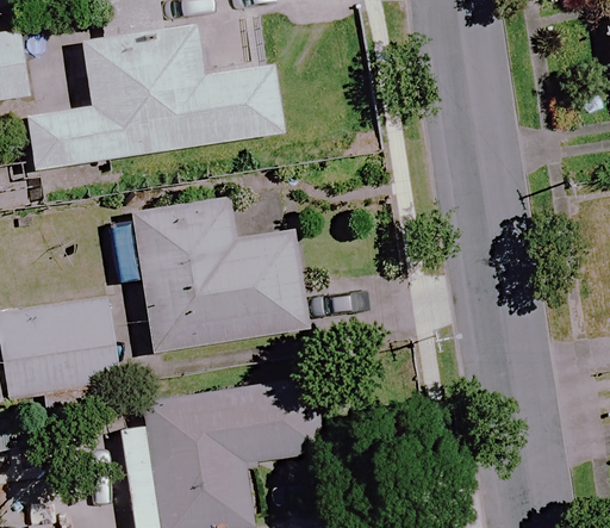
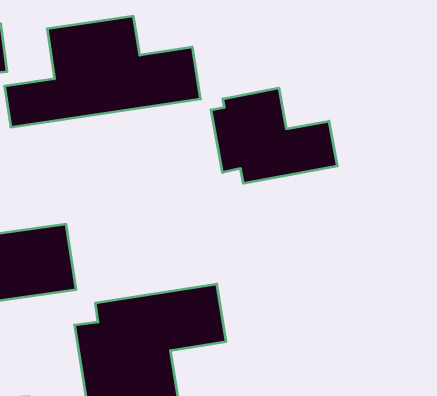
building: none -> [211,88,337,183]
building: [110,195,310,353] -> none

